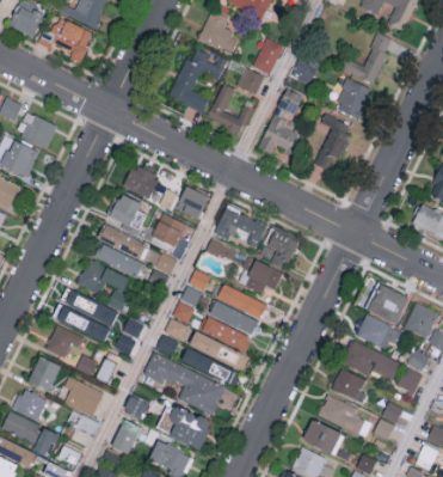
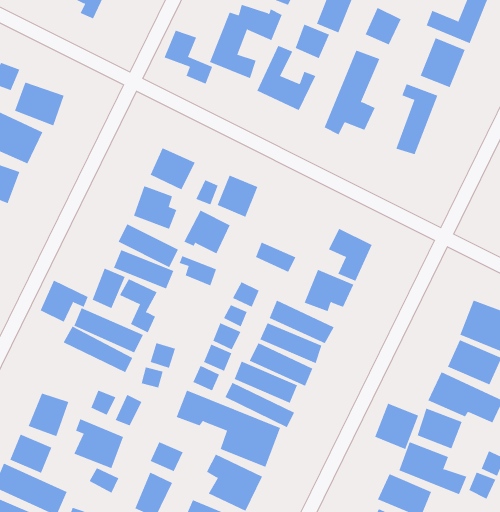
building: none -> [164,30,213,85]
building: [214,206,266,246] -> none
building: [45,324,84,357] -> [40,280,89,323]
building: none -> [374,403,419,450]

